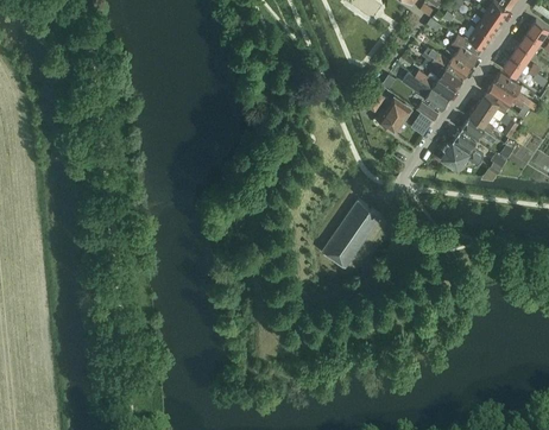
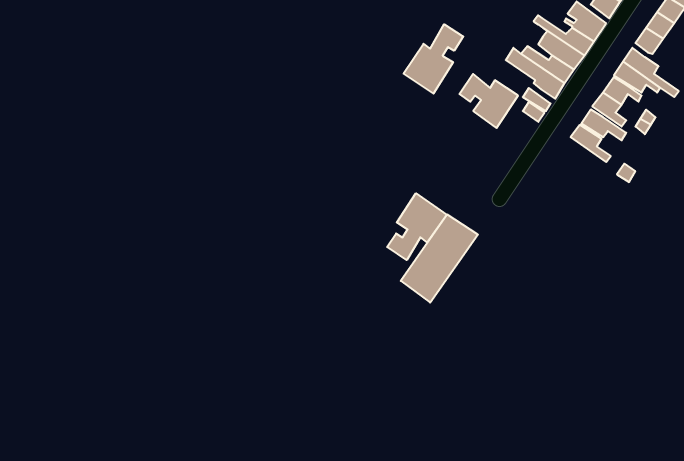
building: none -> [404,24,463,94]
building: [441,140,480,170] -> none
building: none -> [387,193,447,260]

